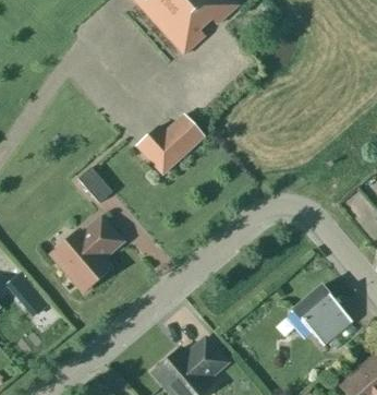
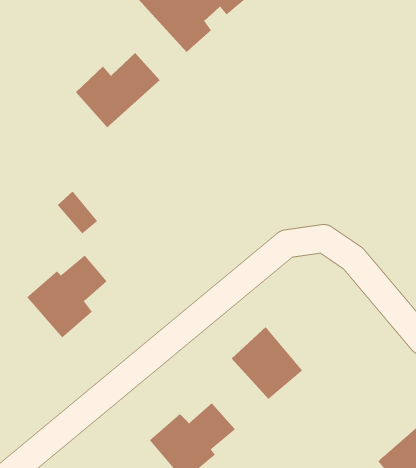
building: [135,111,205,173] -> [75,52,161,128]
building: [293,285,352,345] -> [231,326,303,400]

